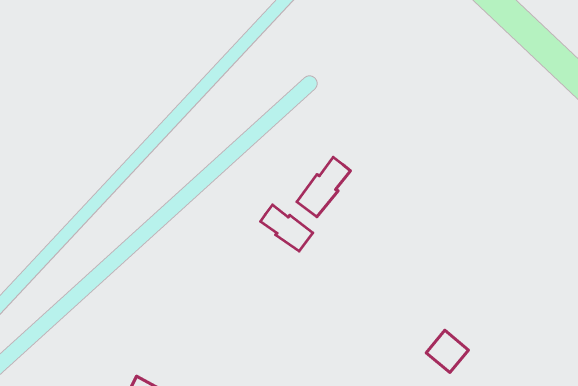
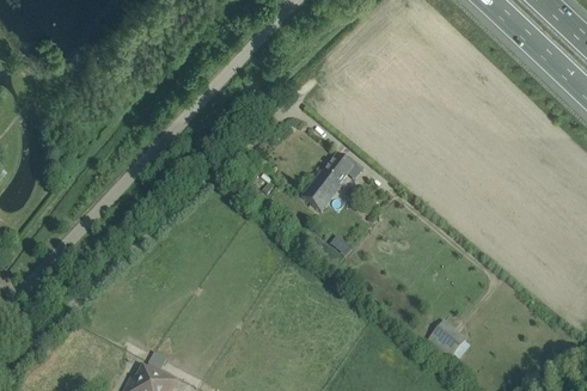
building: [260,205,313,251] -> none

